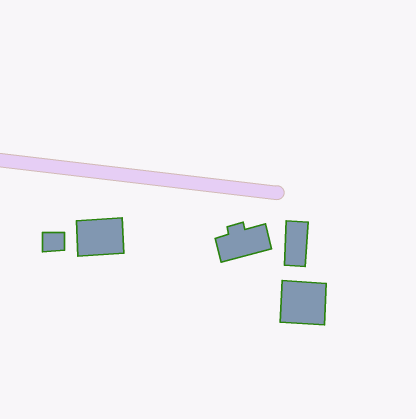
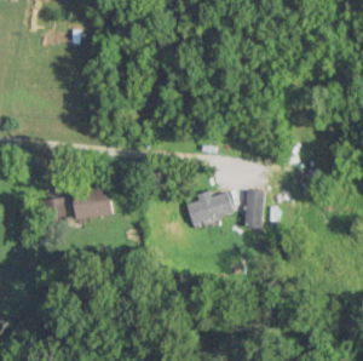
building: [280,281,326,325] -> none

